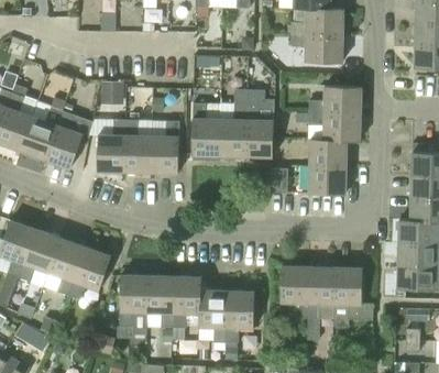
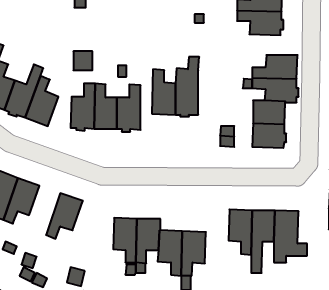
building: [245,88,274,156] -> none
building: [48,238,85,295] -> none
building: [119,274,147,333] -> none

